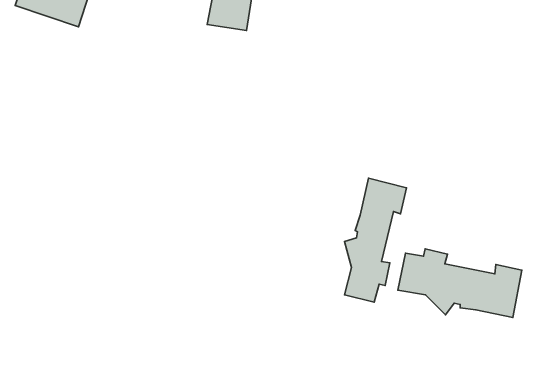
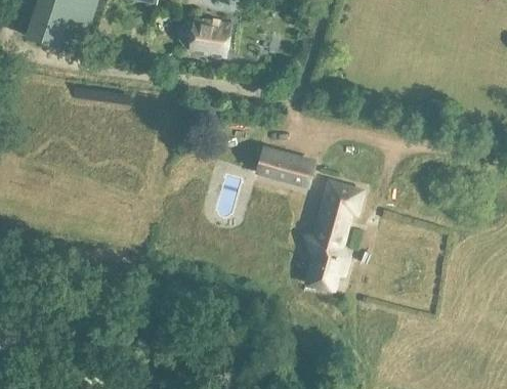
building: none -> [257,149,313,186]
building: [398,249,522,317] -> none

